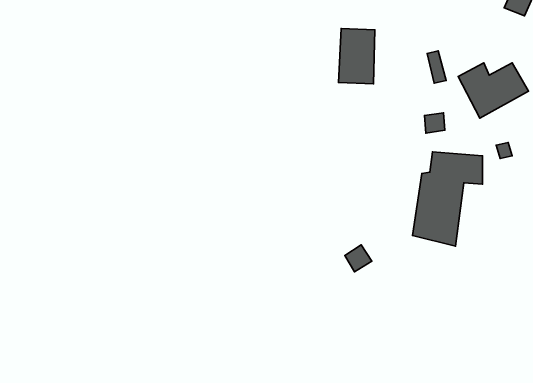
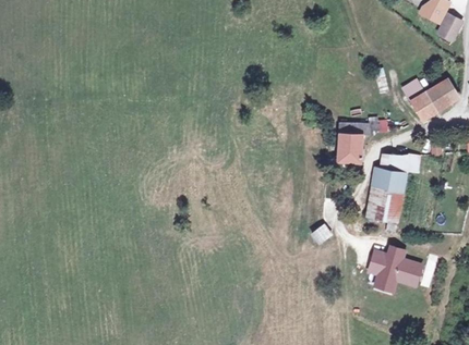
building: [339,29,375,84] -> [333,121,362,165]
building: none -> [372,246,424,291]

